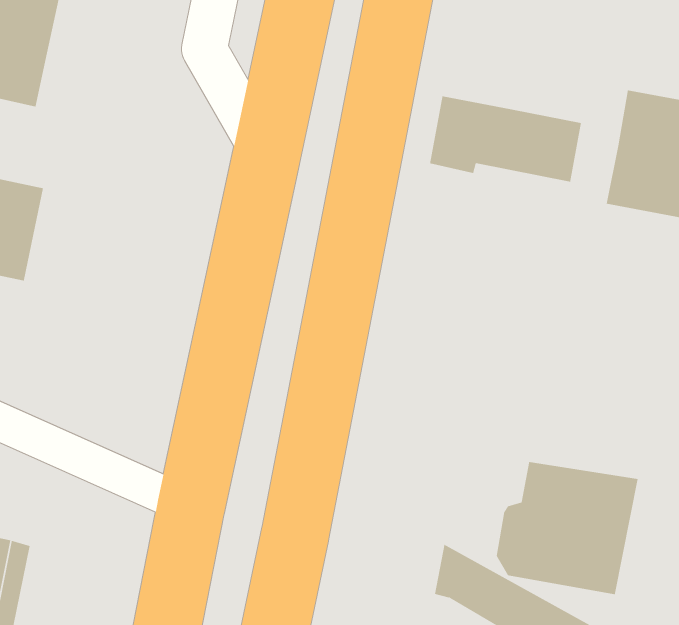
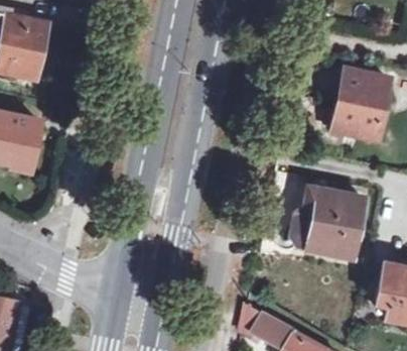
building: [430,95,582,182] -> none
building: [496,462,639,595] -> [288,186,363,255]

